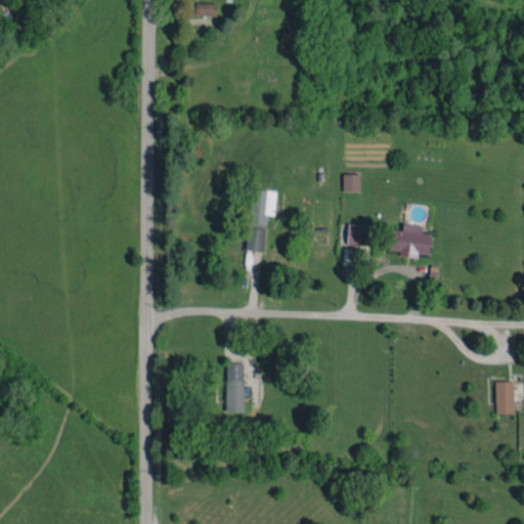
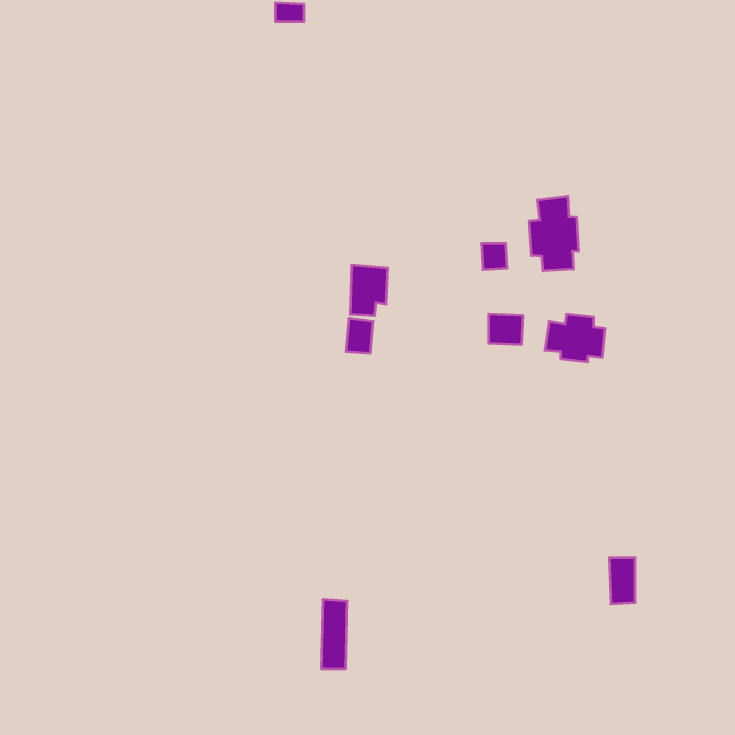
building: none -> [529,196,578,271]
building: [226,363,245,412] -> [321,600,347,669]
building: [495,382,514,414] -> [609,558,635,604]

